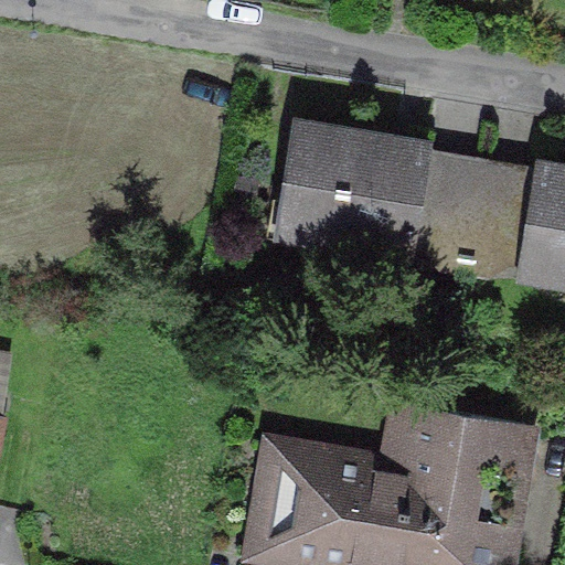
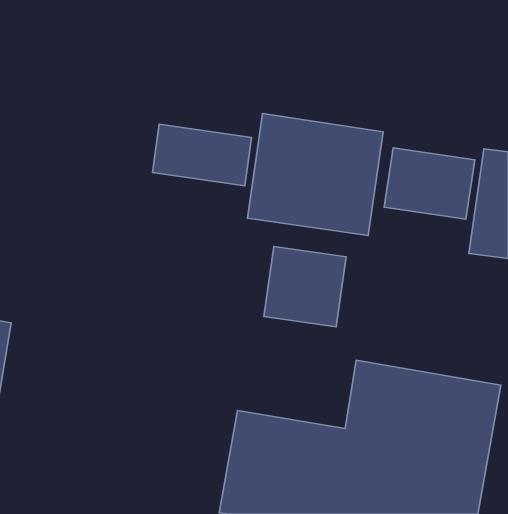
building: none -> [152,124,252,186]
building: none -> [264,247,346,327]

